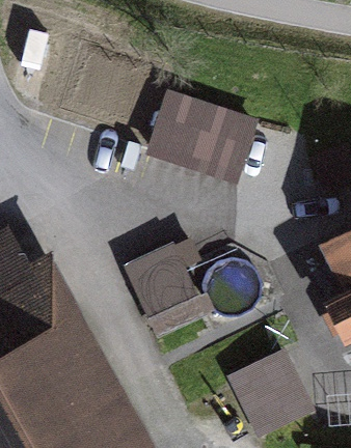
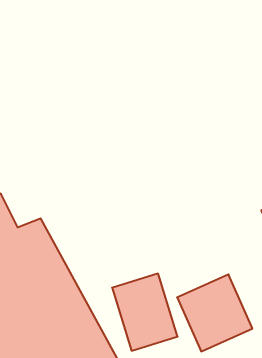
building: [140,82,259,185] -> none
building: [126,242,203,332] -> [112,274,178,351]

